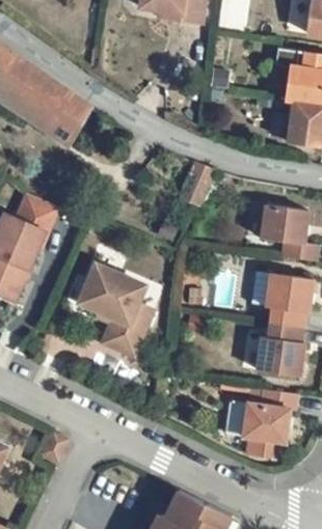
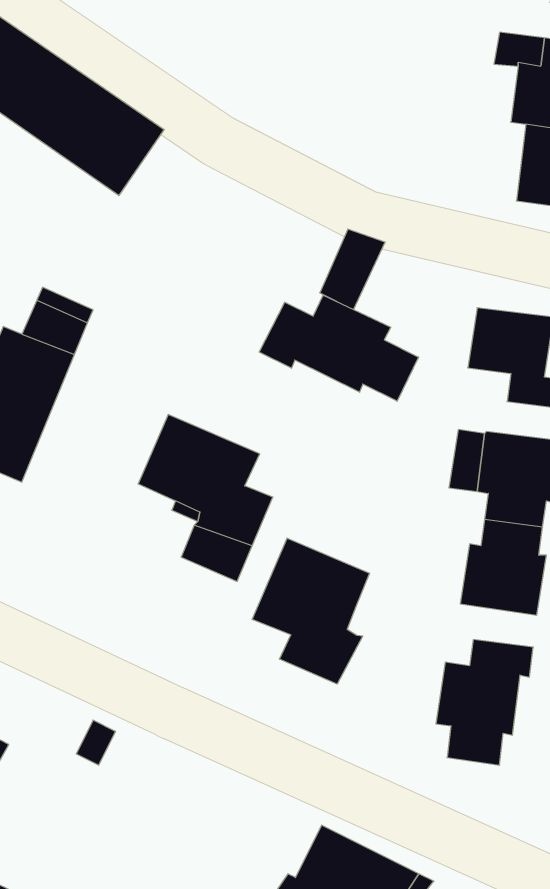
building: none -> [259,295,419,401]
building: none -> [252,538,369,684]

